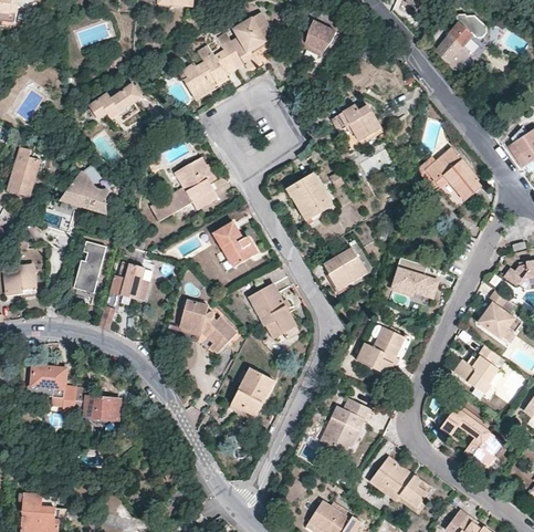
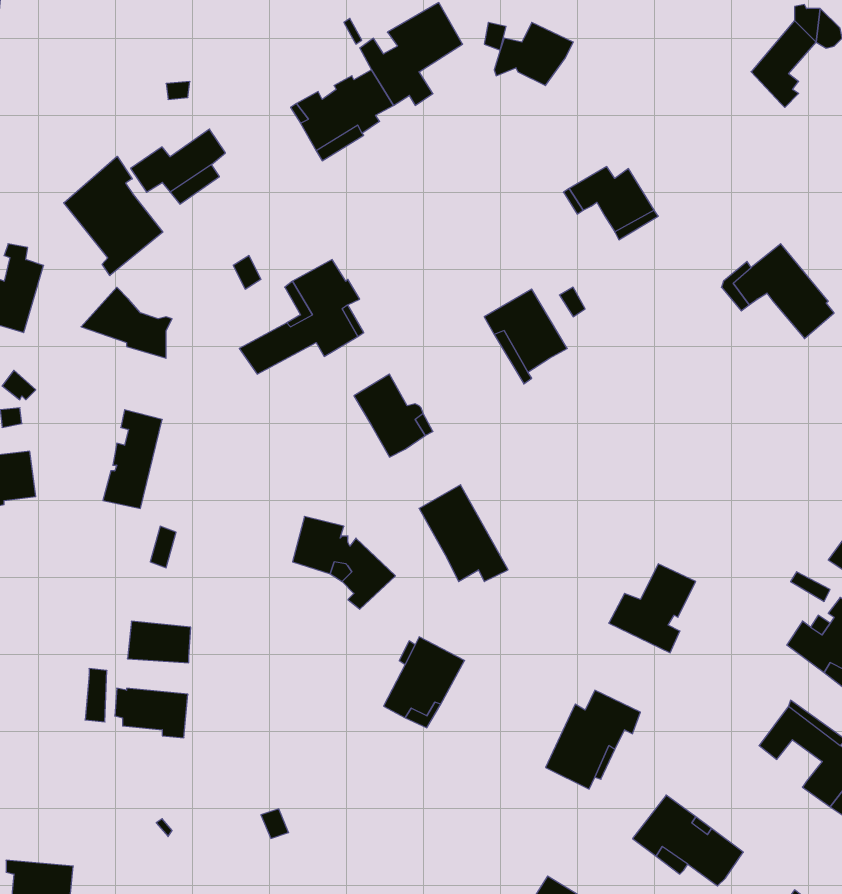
building: none -> [64,156,163,276]
building: [324,248,367,290] -> none
building: [392,255,437,296] -> none
building: [112,261,157,302] -> none
building: [31,365,66,388] -> [127,621,191,663]

